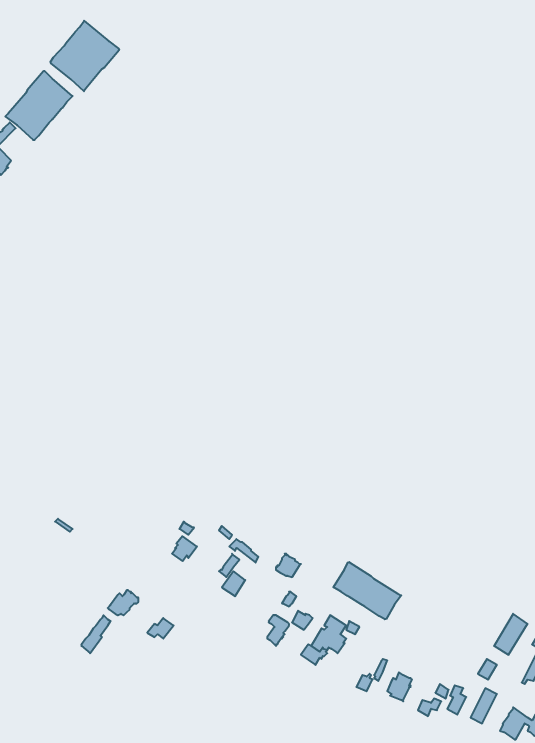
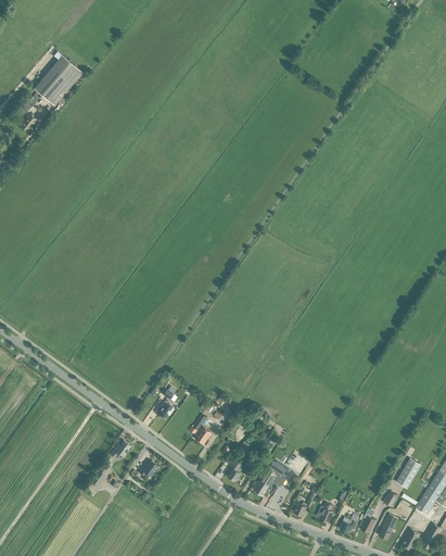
building: [50,21,119,91] -> none
building: [333,562,401,619] -> none

